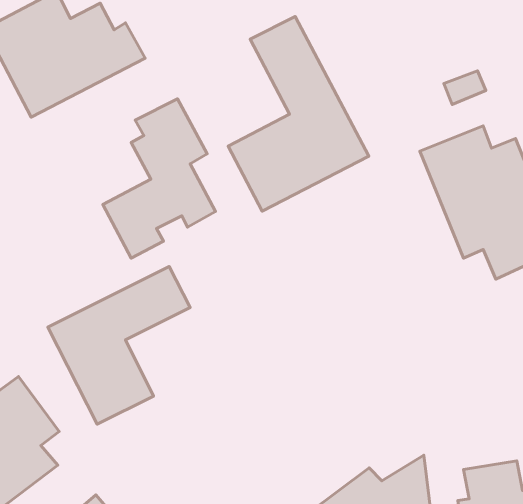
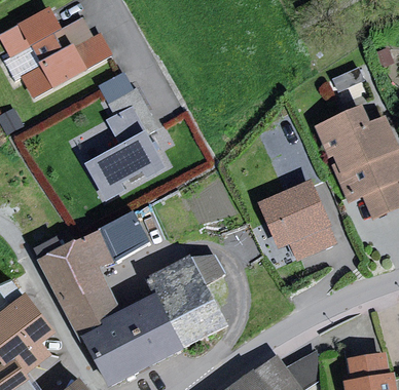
building: [228,16,369,211] -> none
building: none -> [256,181,336,261]
building: none -> [86,251,223,379]

